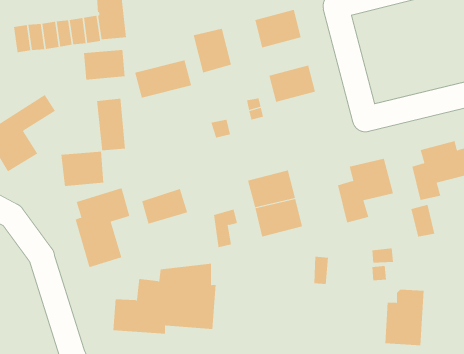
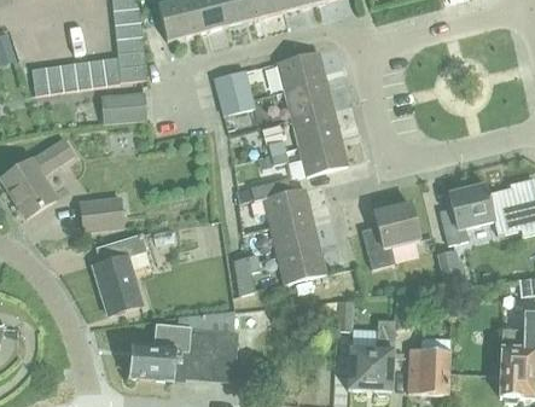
building: none -> [284,79,332,117]
building: [134,60,192,98] -> none
building: none -> [298,134,348,175]
building: [96,98,125,151] -> none
building: none -> [250,178,312,225]
building: [141,188,188,225] -> none
building: none -> [348,321,394,394]

